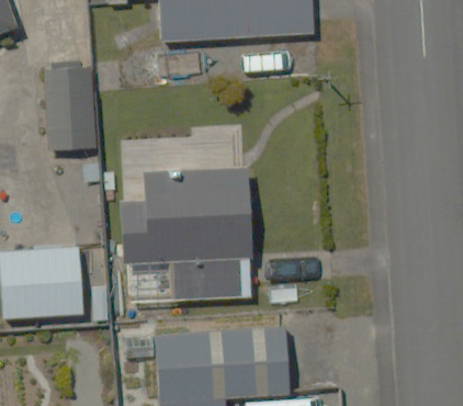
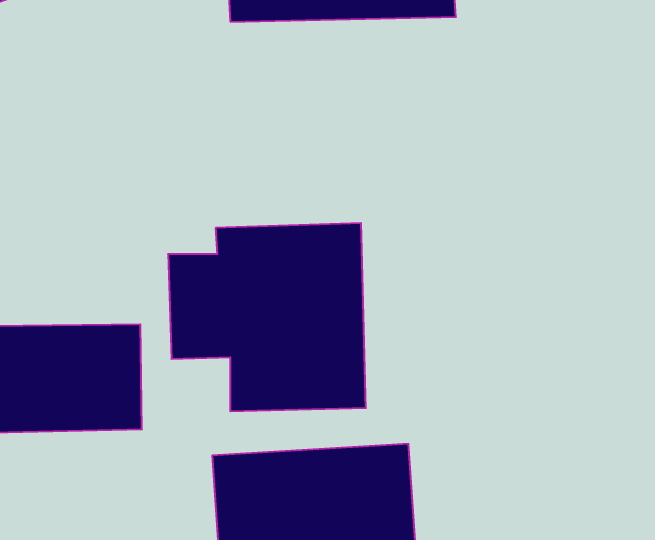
building: [46,65,94,146] -> none

